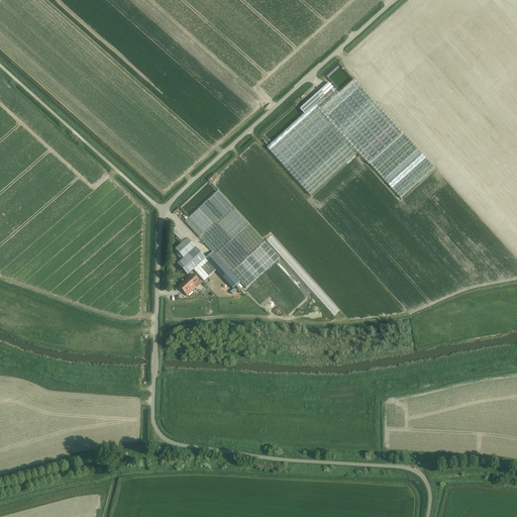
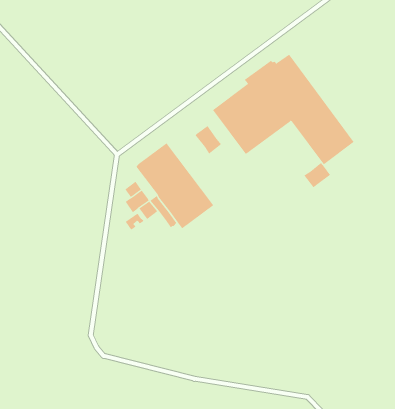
building: none -> [195,125,222,154]
building: none -> [303,162,331,188]

